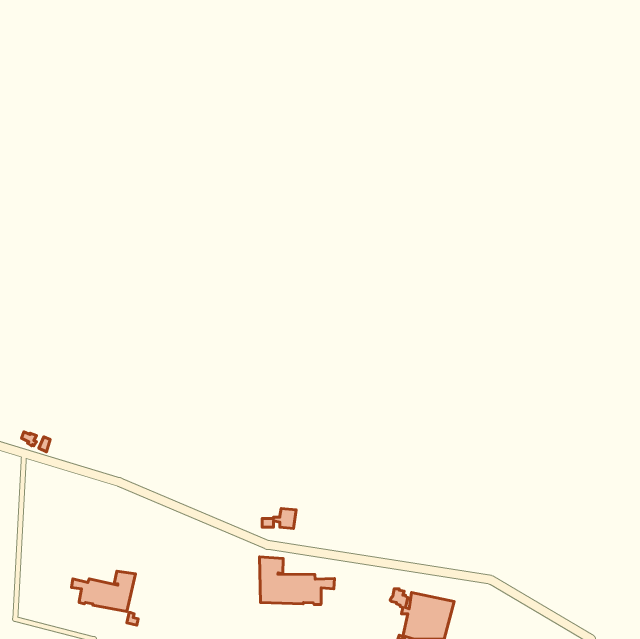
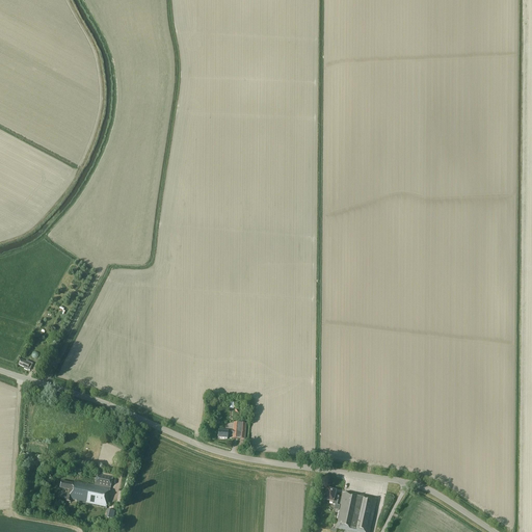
building: [260,557,335,605] -> none

